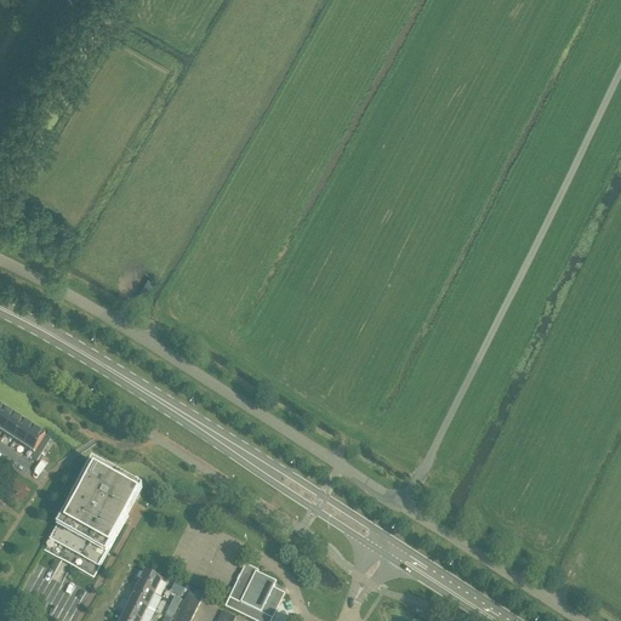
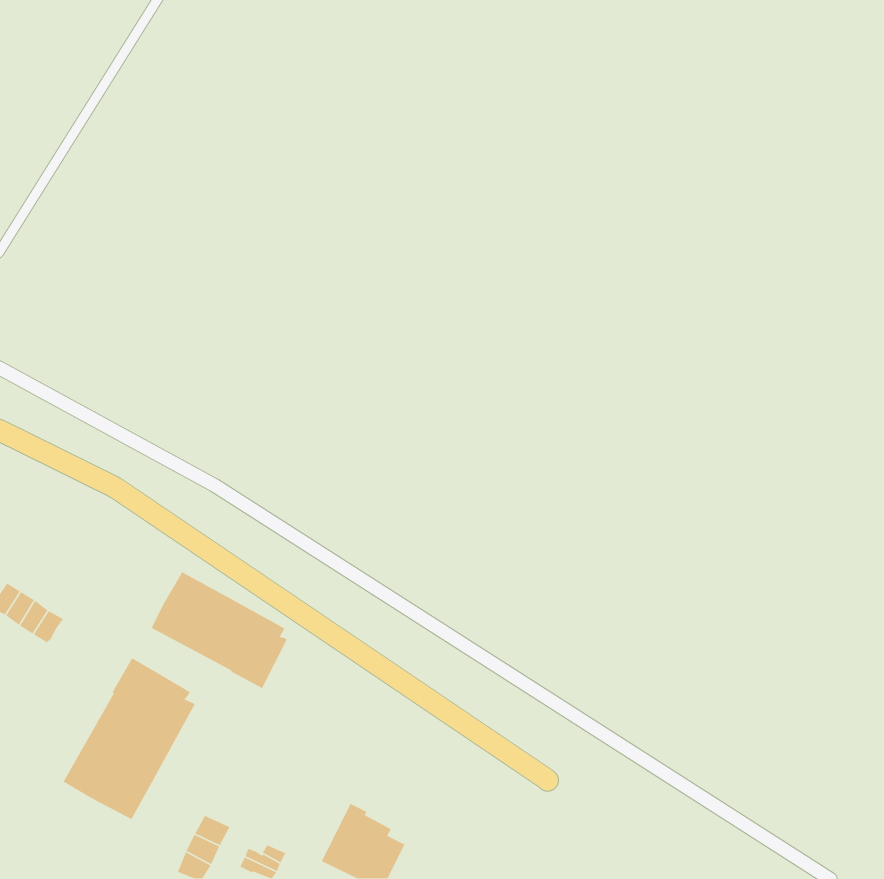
building: none -> [151,571,288,689]

